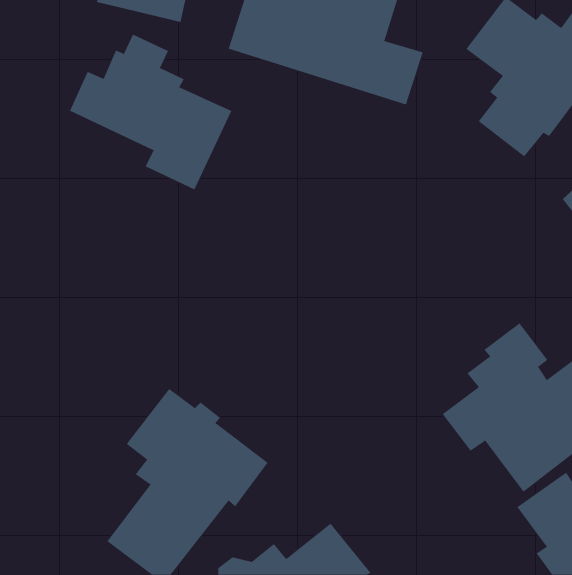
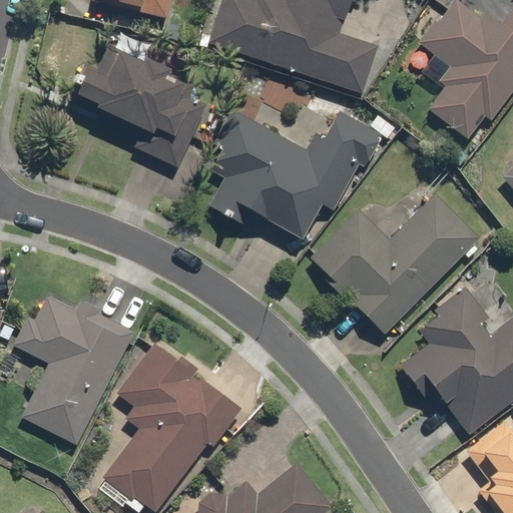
building: none -> [205,108,384,241]
building: none -> [309,192,482,336]
building: none -> [13,298,135,446]

